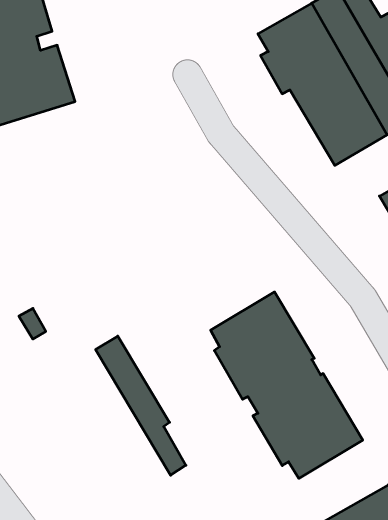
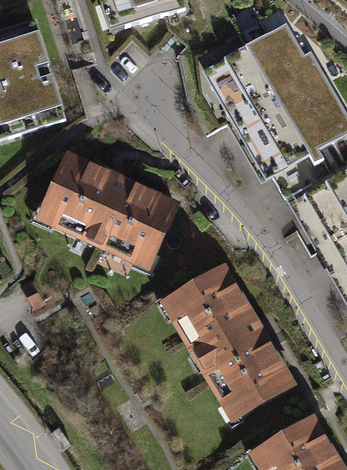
building: none -> [46,154,177,257]
building: [96,336,186,475] -> none

